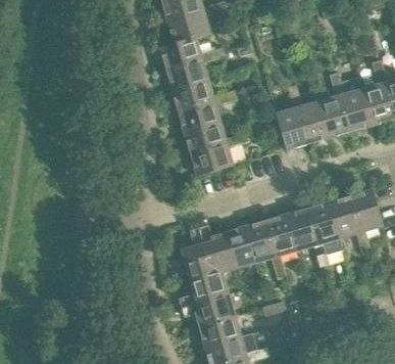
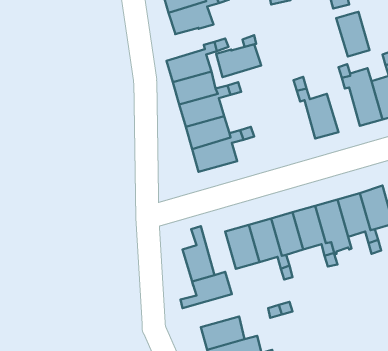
building: [159,37,202,69] -> [216,44,261,77]
building: [318,94,350,137] -> [336,12,369,57]
building: [276,106,307,149] -> none
building: [198,225,232,274] -> none
building: [181,292,235,324] -> none

